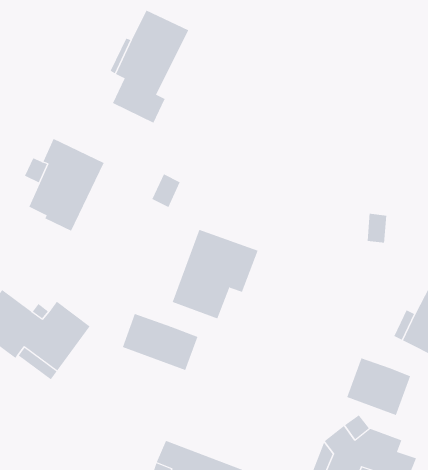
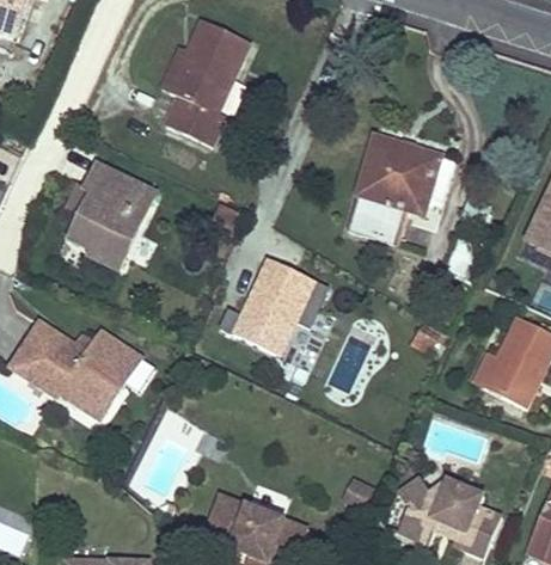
building: none -> [348,135,439,241]
building: [122,313,198,371] -> none
building: [346,358,411,416] -> none

